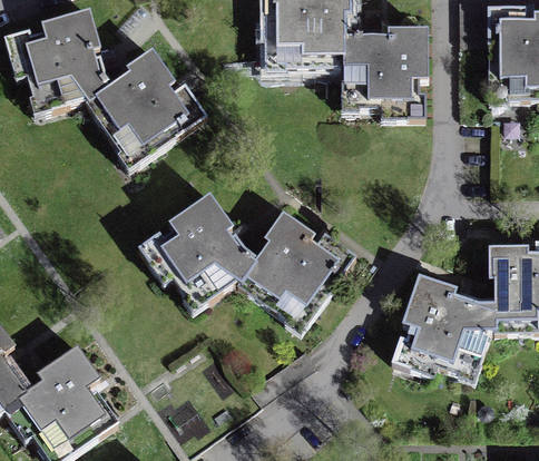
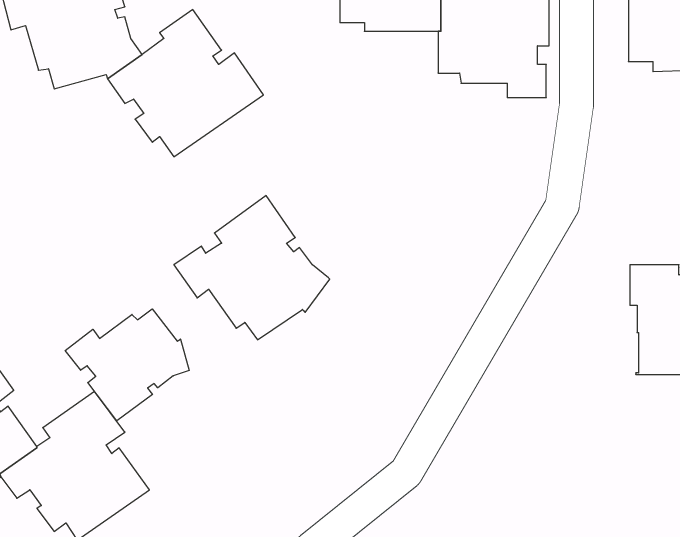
building: [237,210,356,323] -> none
building: [393,274,497,372] -> none
building: none -> [65,309,189,421]

